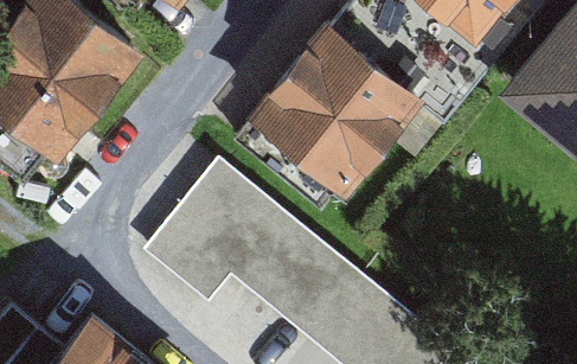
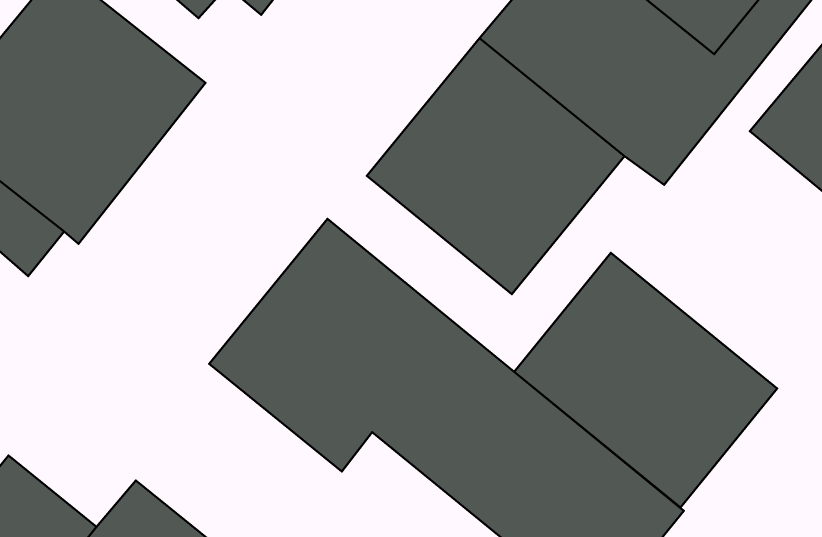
building: none -> [514,253,777,508]

